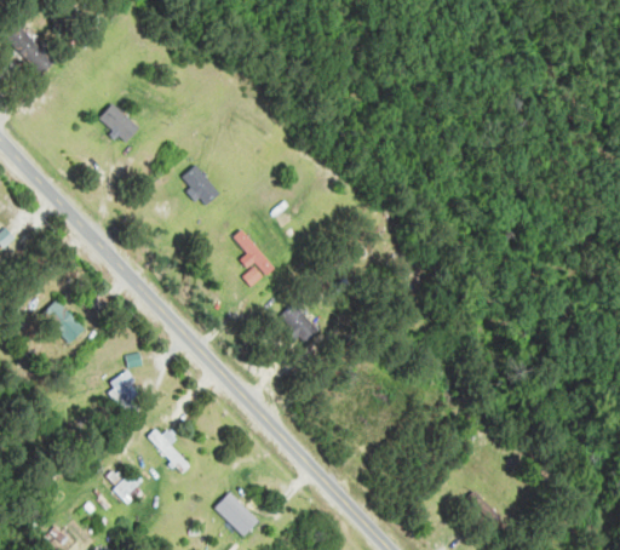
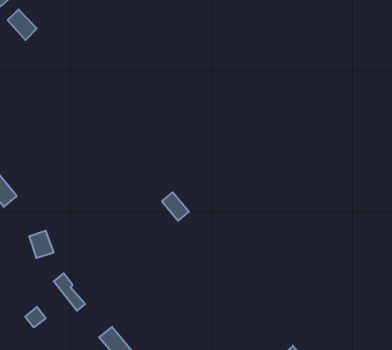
building: [99,104,139,144] -> [8,9,37,40]
building: [180,165,219,206] -> none
building: [234,229,272,275] -> none

